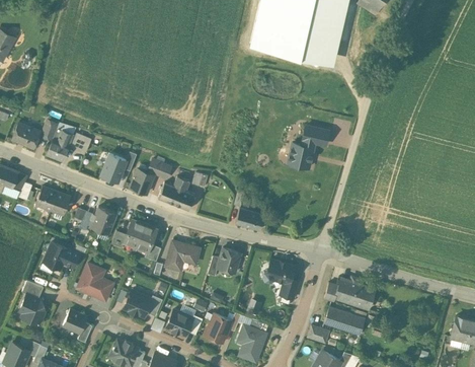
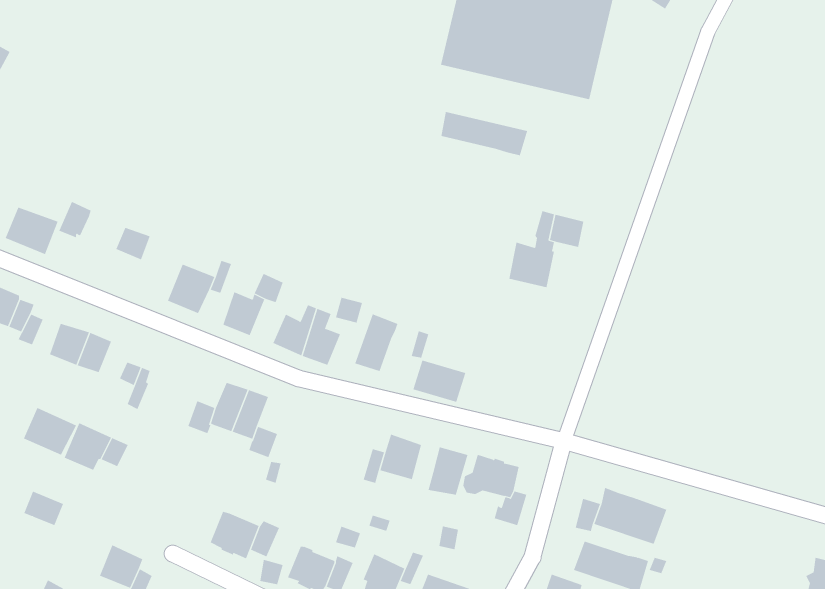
building: none -> [441,111,528,156]
building: [47,129,73,161] -> none
building: none -> [354,313,398,372]
building: [92,207,116,233] -> none
building: none -> [23,407,77,456]
building: [166,241,199,269] -> none
building: none -> [428,446,468,496]
building: [77,264,112,301] -> none
building: [20,294,45,324] -> none

